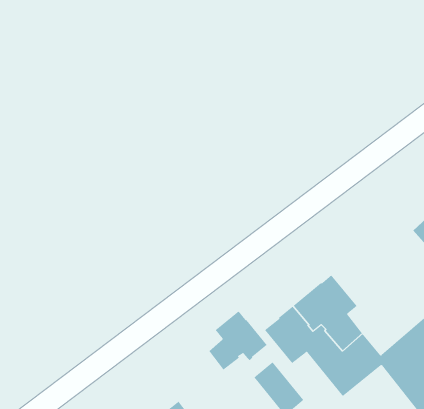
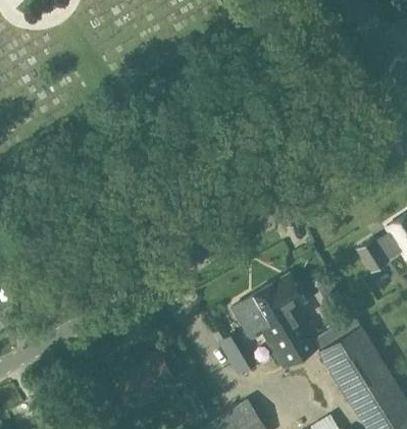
building: [208,310,268,370] -> none

